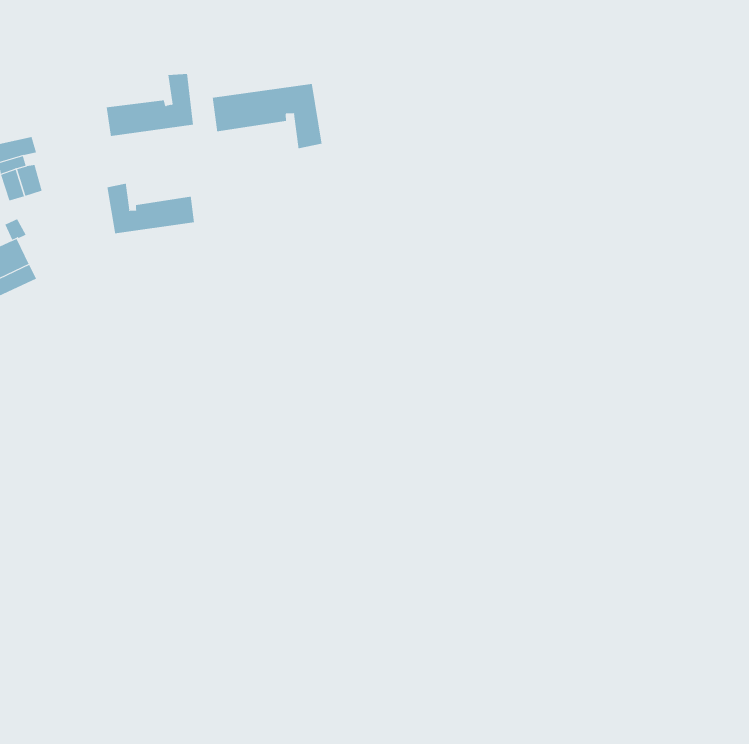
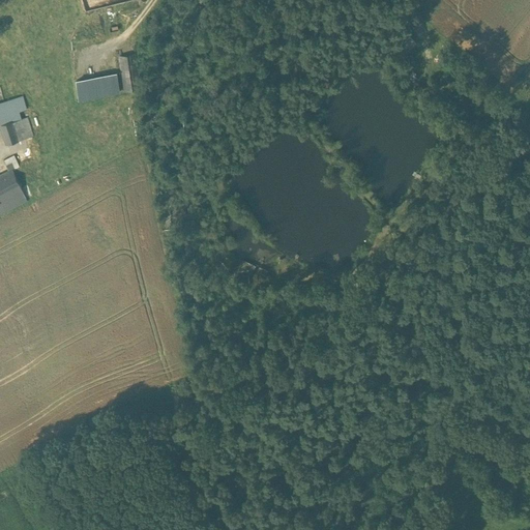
building: [212,83,322,149] -> none
building: [107,183,195,234] -> none

